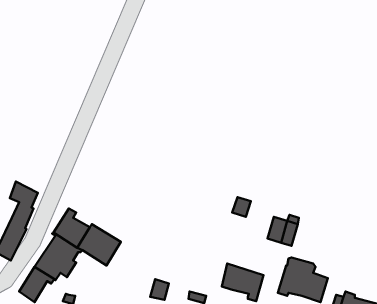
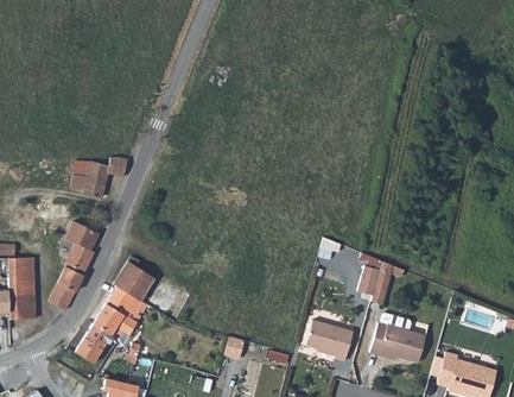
building: none -> [70,157,125,197]

